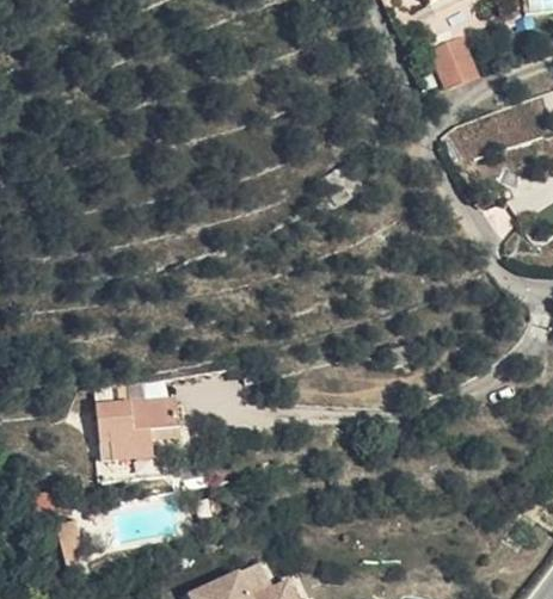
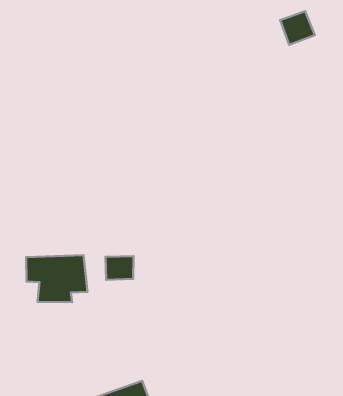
building: none -> [106,256,134,280]

